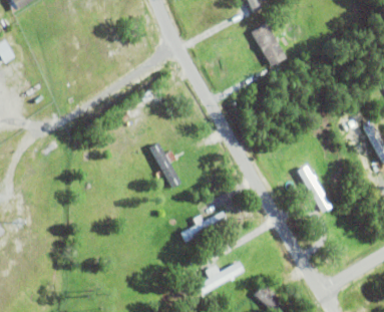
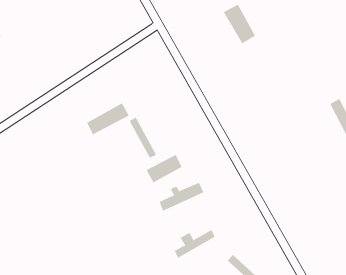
building: none -> [86,103,129,135]
building: [297,165,329,209] -> none
building: none -> [146,154,182,183]

